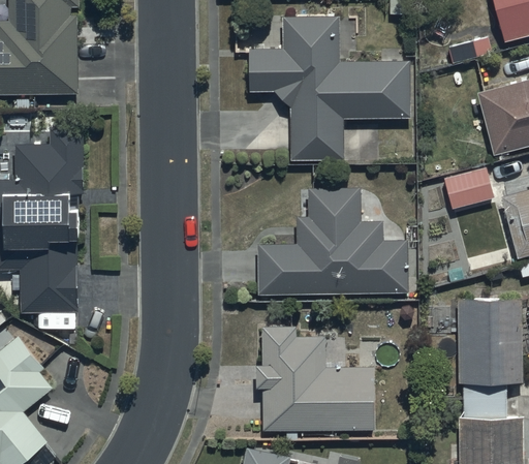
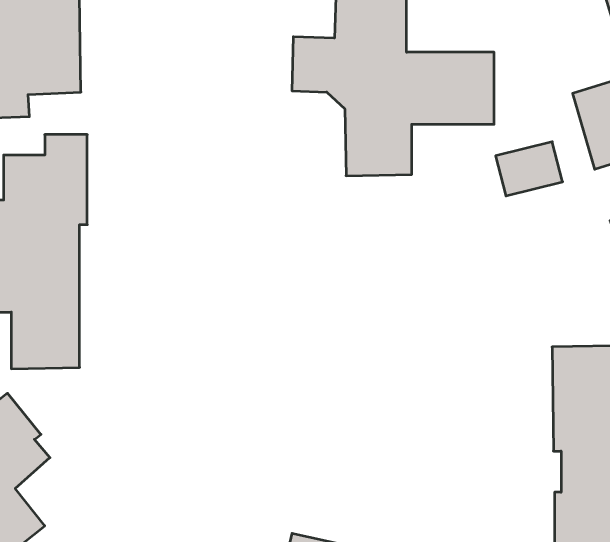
building: [443,168,497,212] -> [496,142,563,196]
building: [257,187,408,295] -> none
building: [255,327,374,432] -> none

